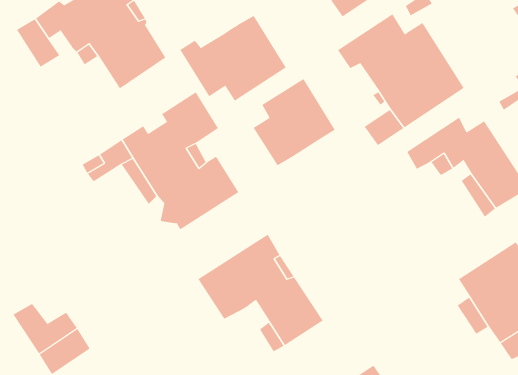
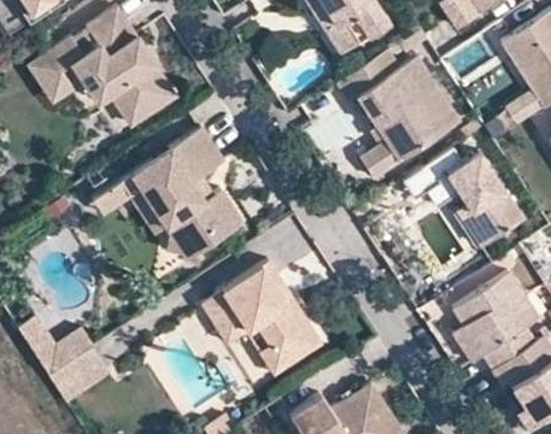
building: [179,15,286,102] -> none
building: [253,78,336,166] -> none

